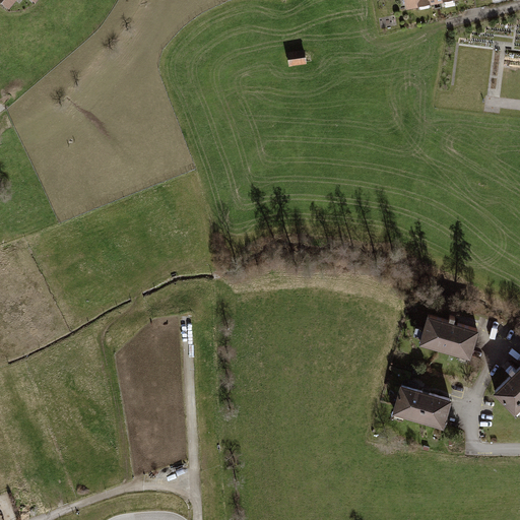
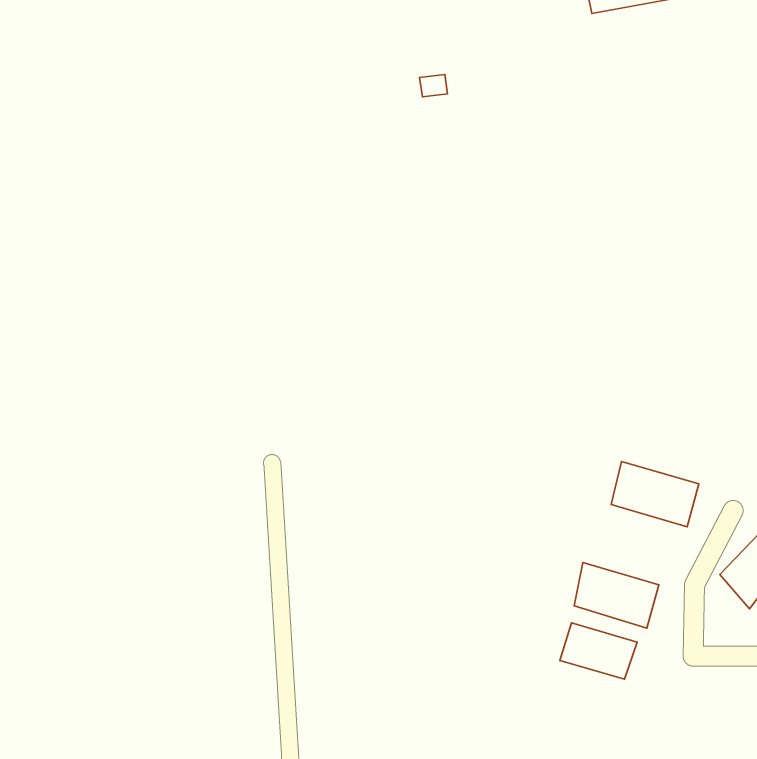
building: none -> [560,623,637,679]

